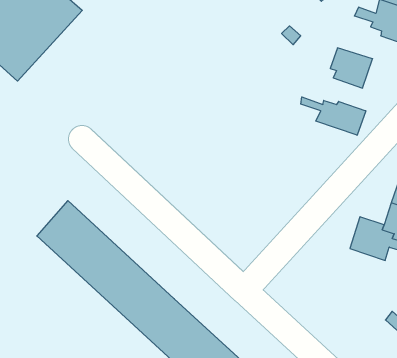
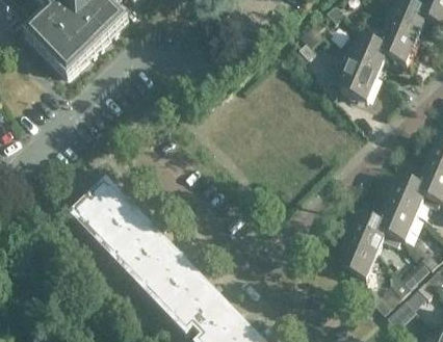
building: none -> [347,33,387,74]
building: [301,97,366,135] -> none
building: none -> [339,238,377,278]

